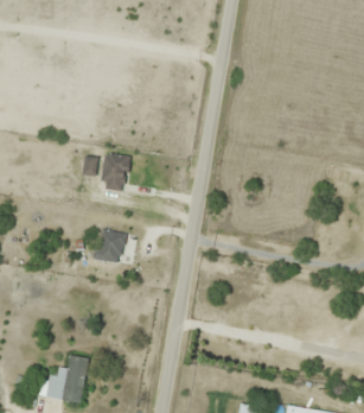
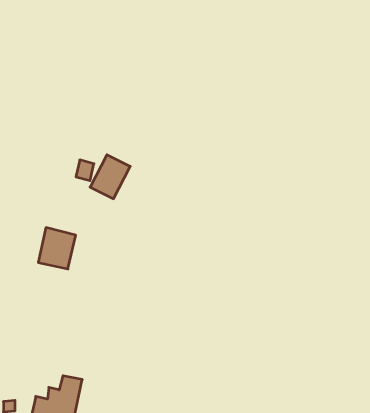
building: [92,225,127,263] -> [38,228,76,269]

